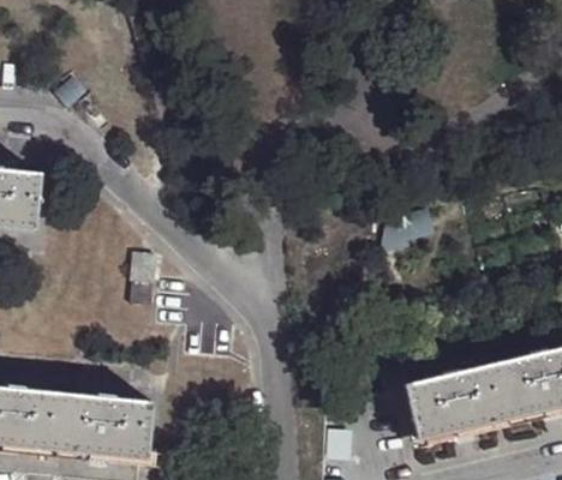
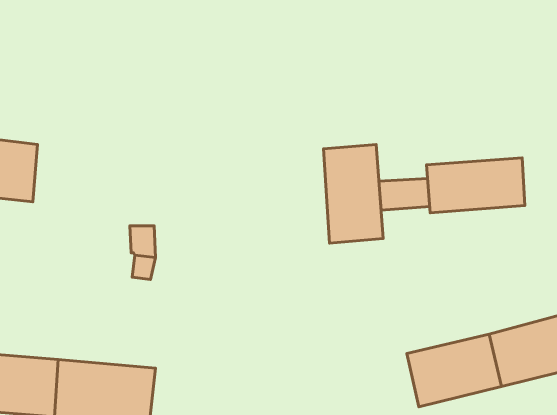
building: none -> [323,145,383,243]
building: none -> [426,158,525,213]

